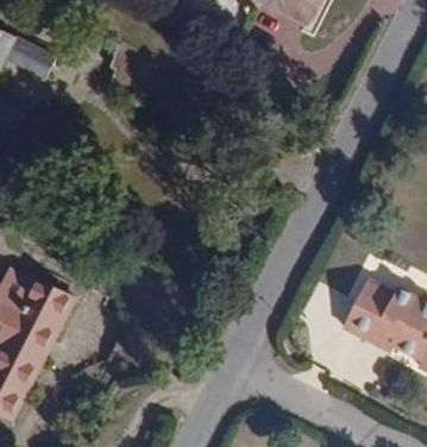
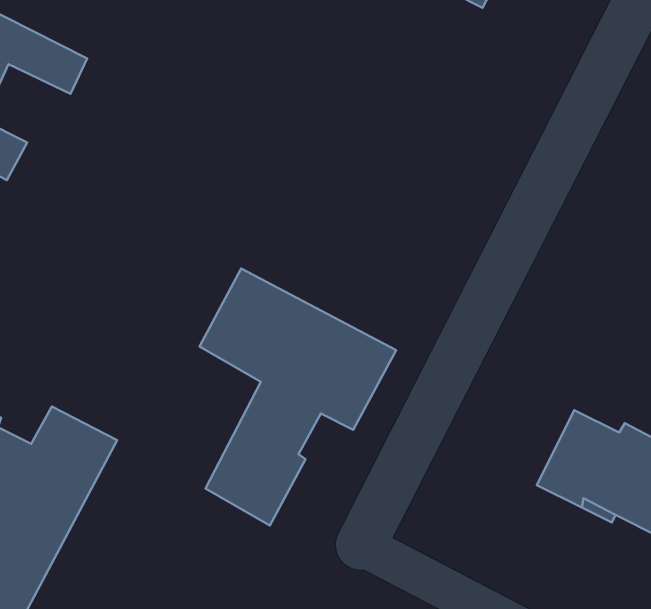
building: none -> [200,268,396,525]

